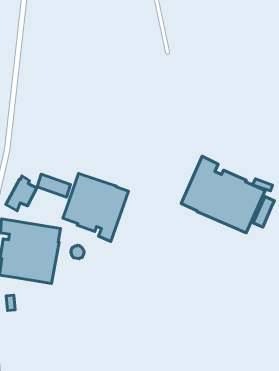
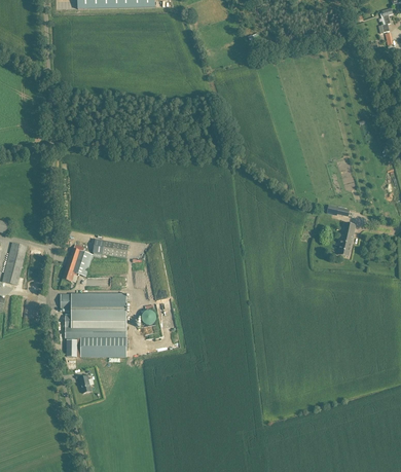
building: [181,156,265,233] -> none
building: [63,174,129,241] -> none

